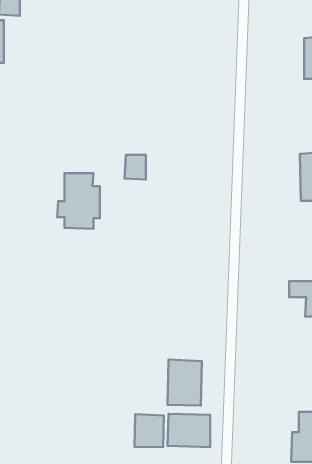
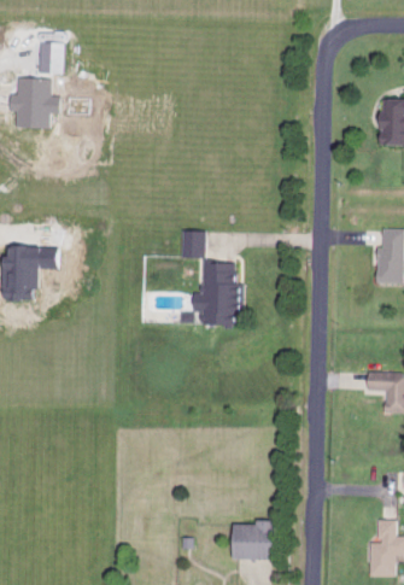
building: [57,173,100,229] -> [195,262,244,324]
building: [167,360,202,405] -> none
building: [134,414,164,447] -> none

